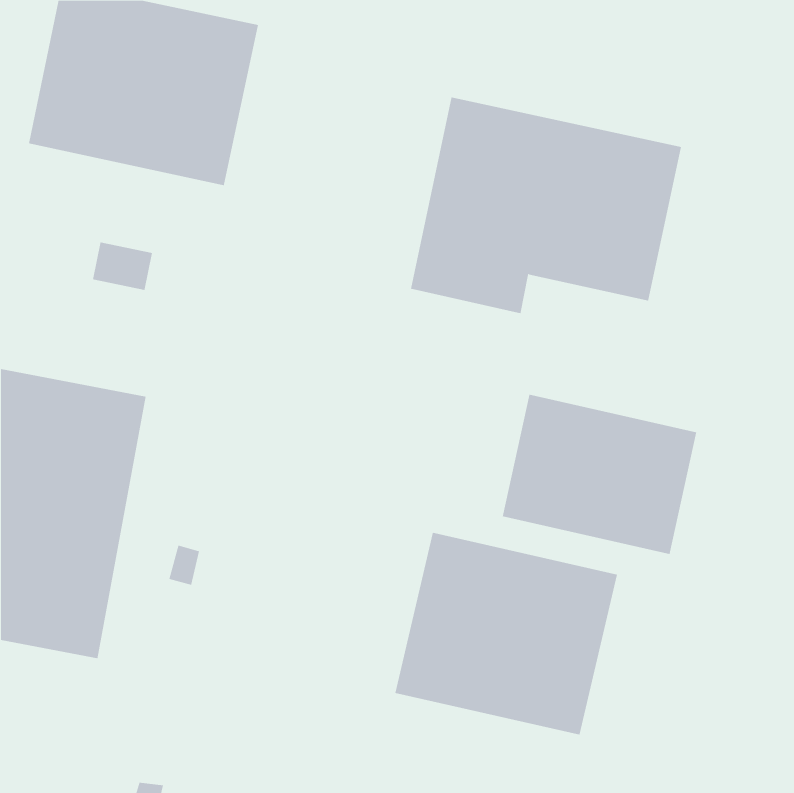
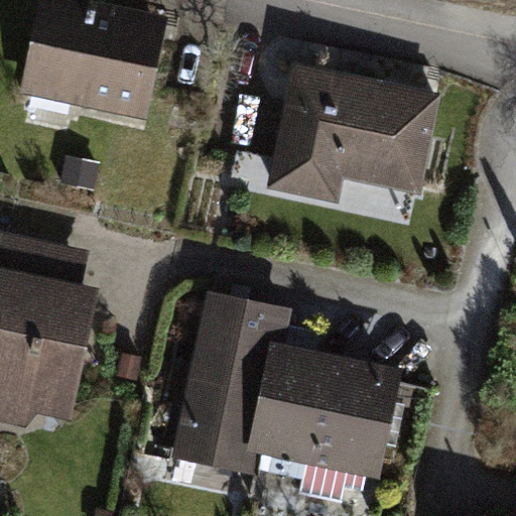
building: [502,394,697,555] -> none
building: none -> [162,287,289,478]

